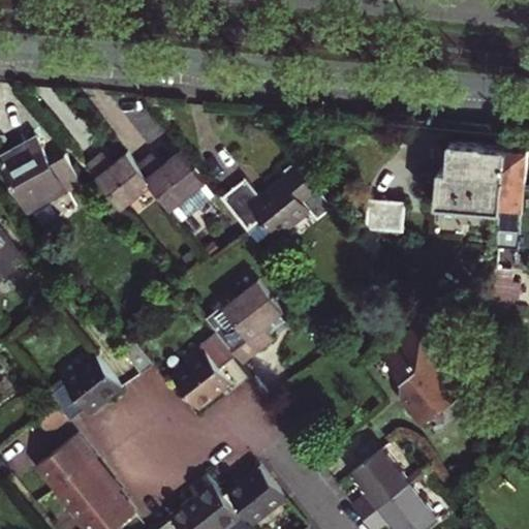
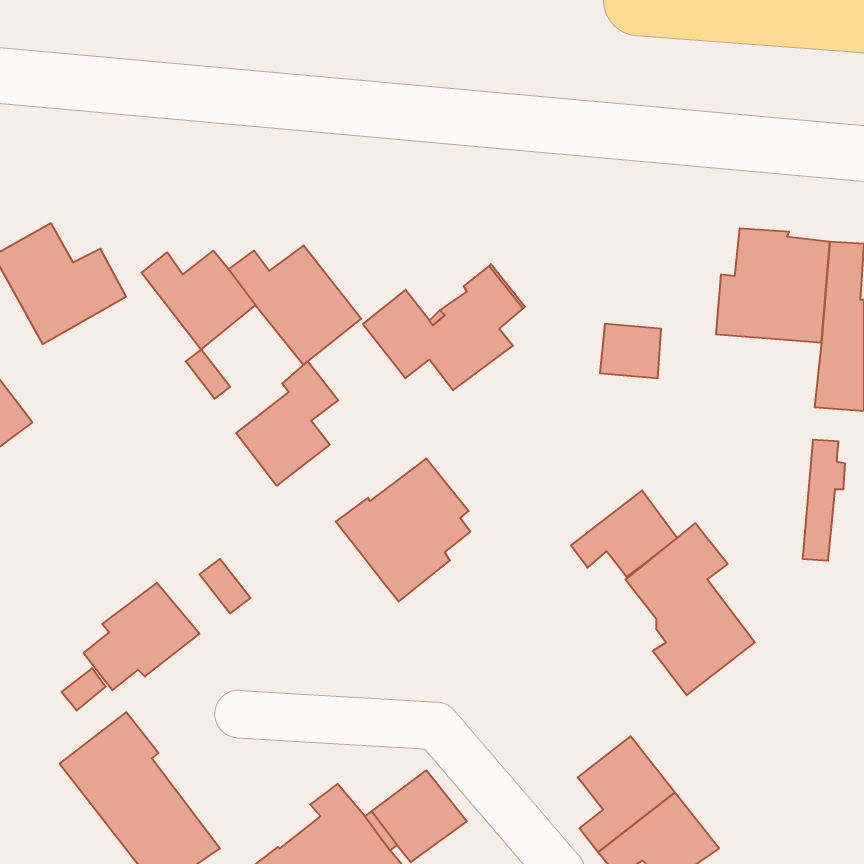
building: none -> [571,490,677,577]
building: [172,335,234,410] -> [236,361,338,486]

